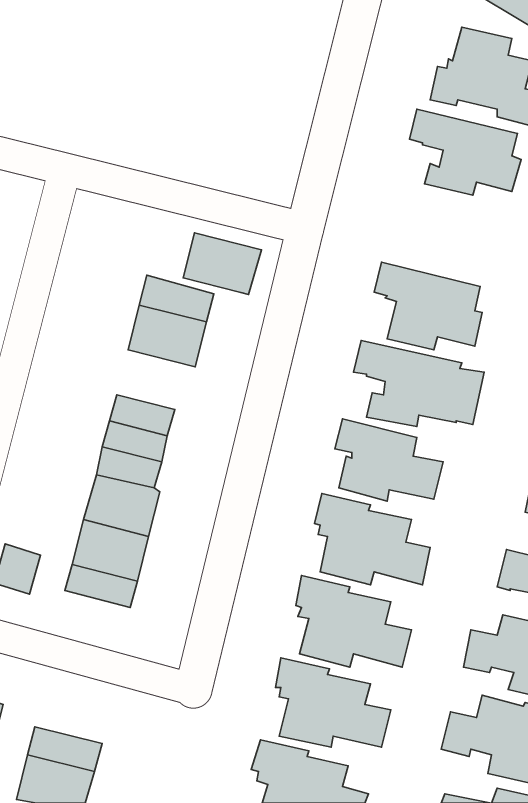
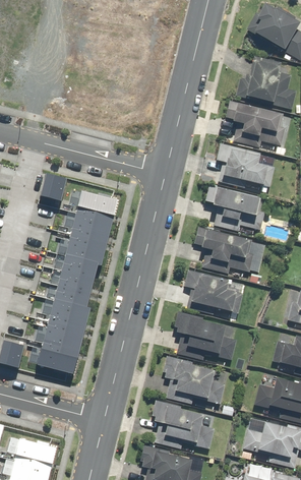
building: none -> [216,143,275,188]
building: [183,233,261,294] -> [65,232,108,265]
building: none -> [41,172,66,198]

